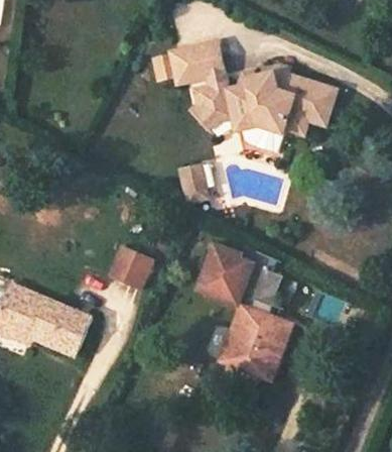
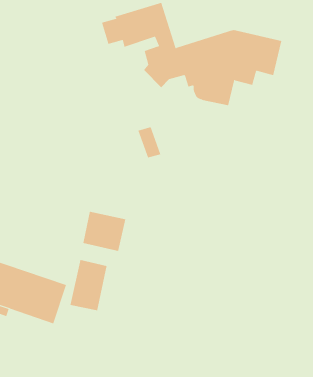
building: [199,248,288,382] -> none
building: none -> [70,259,107,311]

